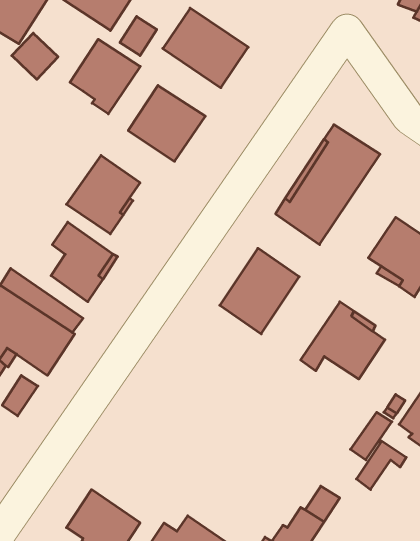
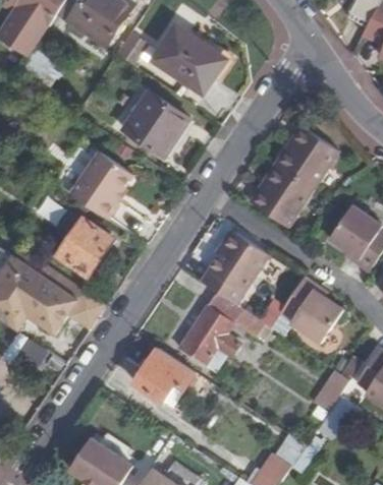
building: [70,39,140,114] -> none
building: none -> [178,292,263,371]
building: none -> [133,347,194,408]

